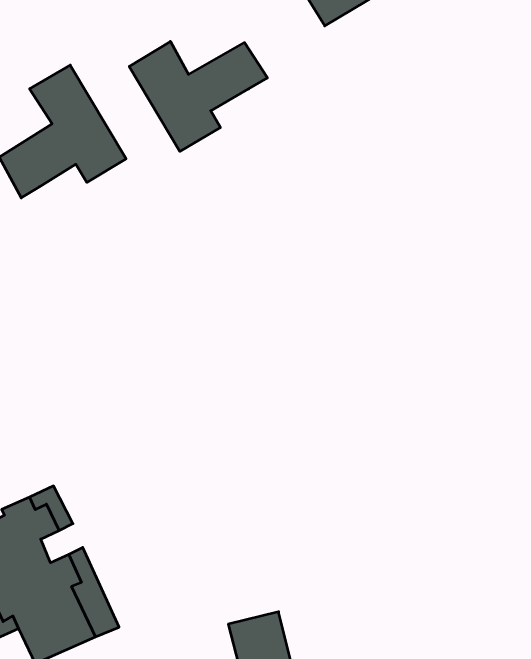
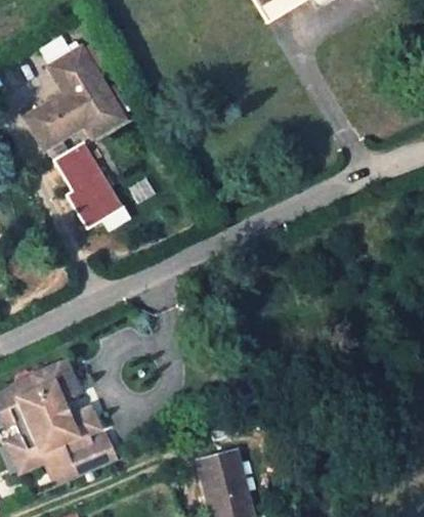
building: [129,41,267,151] -> none
building: none -> [46,136,121,226]

